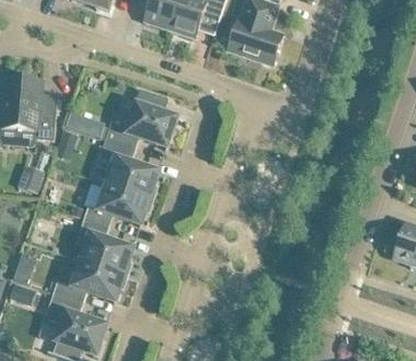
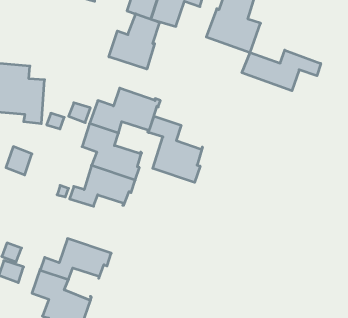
building: none -> [109,14,160,69]
building: none -> [242,50,321,91]
building: none -> [149,116,202,182]
building: [76,219,134,276] -> none

